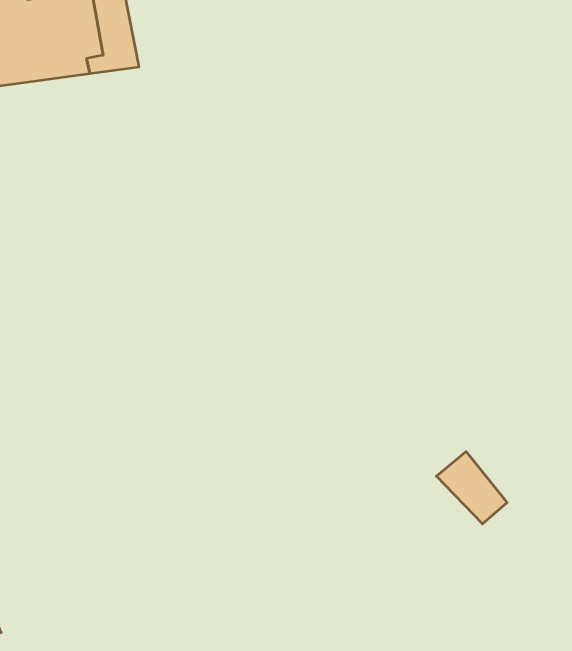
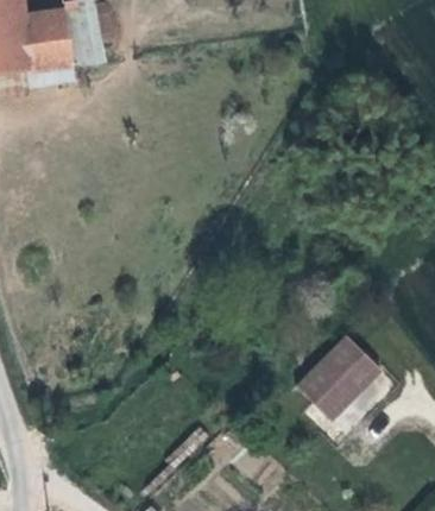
building: none -> [286,360,354,425]

